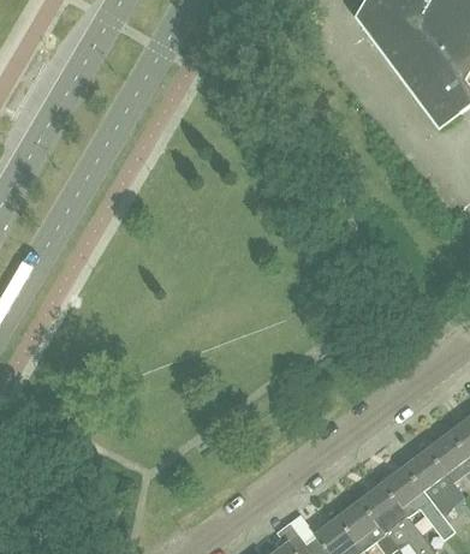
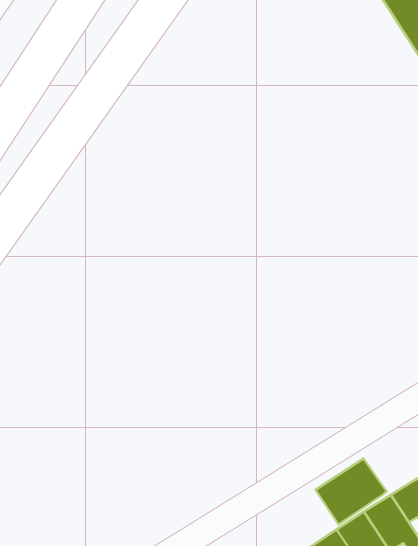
building: none -> [315,458,387,524]

